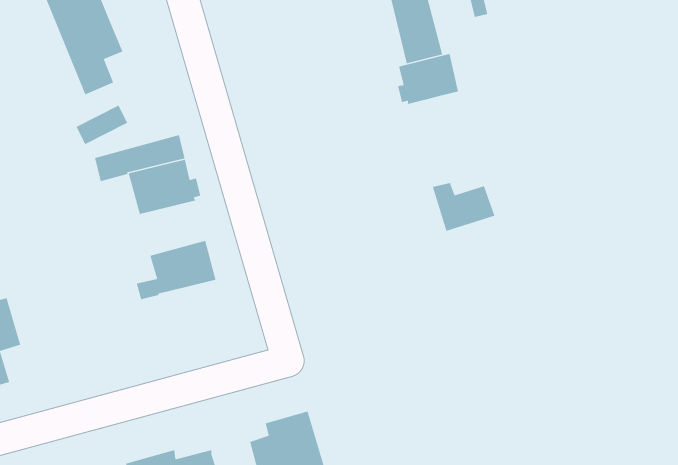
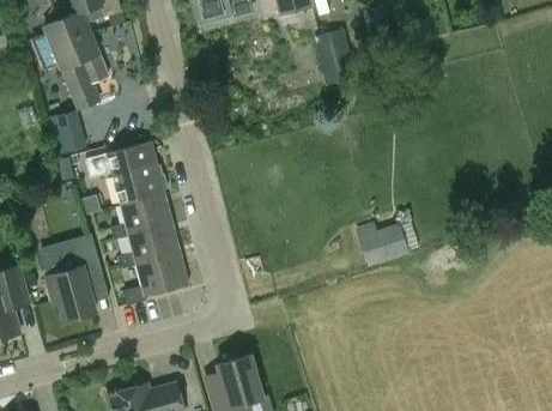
building: [397,53,459,105] -> none
building: [432,182,495,232] -> [358,225,407,264]
building: none -> [110,192,171,238]
building: none -> [47,244,109,320]
building: none -> [122,253,188,304]

